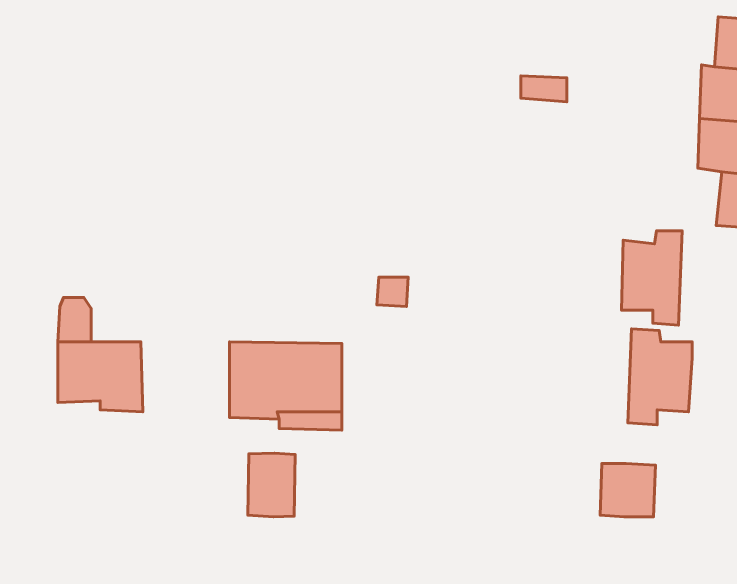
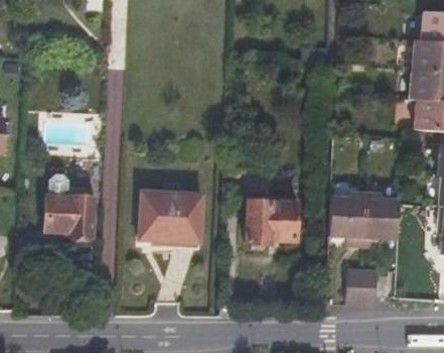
building: [621,231,682,325] -> [328,189,361,240]
building: none -> [249,196,298,247]
building: [248,453,295,517] -> none

